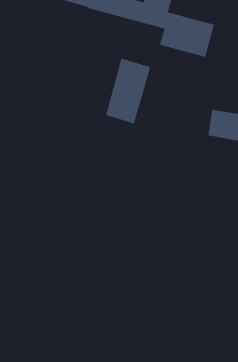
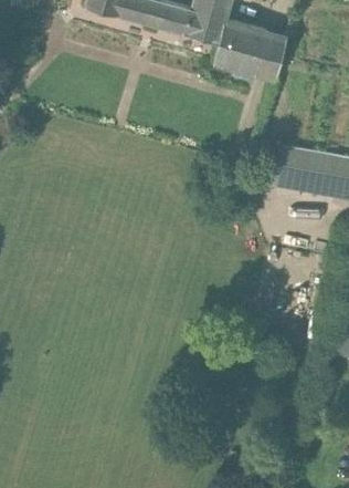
building: [105,58,151,124] -> none

